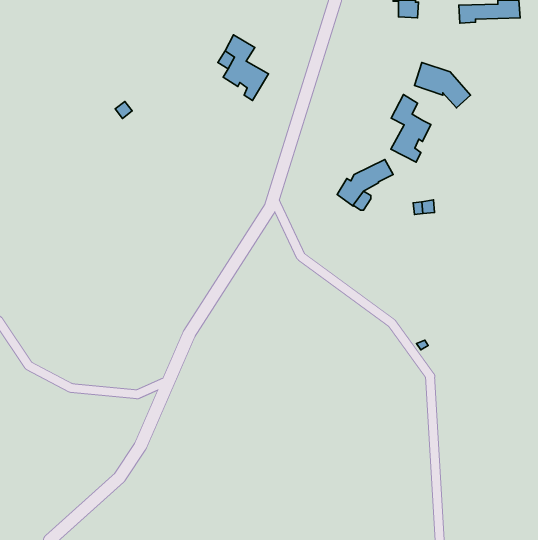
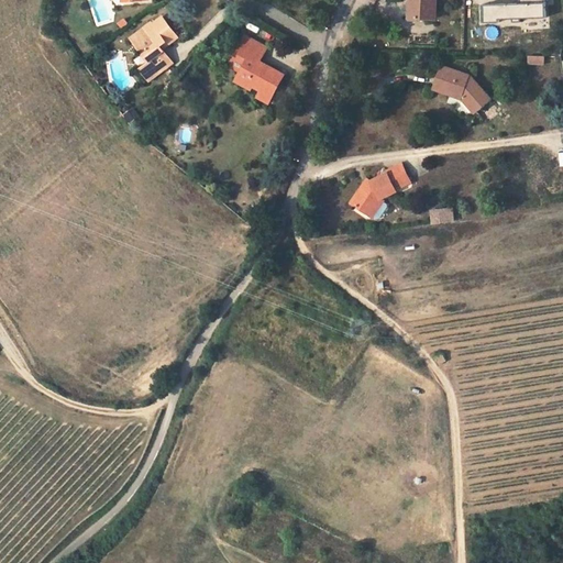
building: none -> [131,16,175,81]
building: [391,94,431,162] -> none

